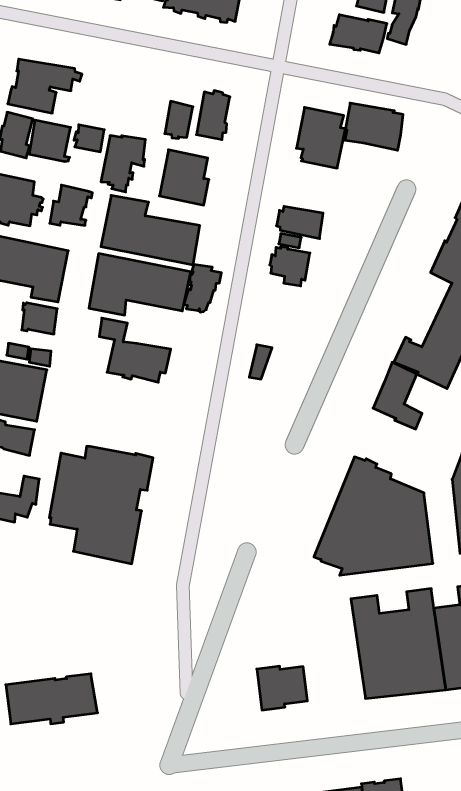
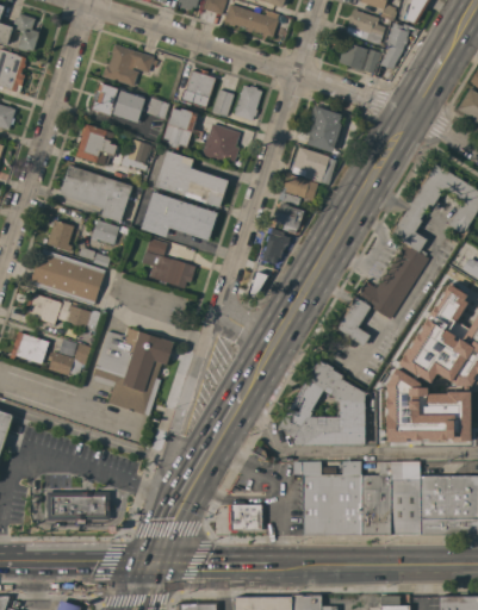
building: none -> [181,69,216,107]
building: [345,103,403,150] -> [292,147,336,185]
building: [184,265,221,312] -> [261,229,291,263]

